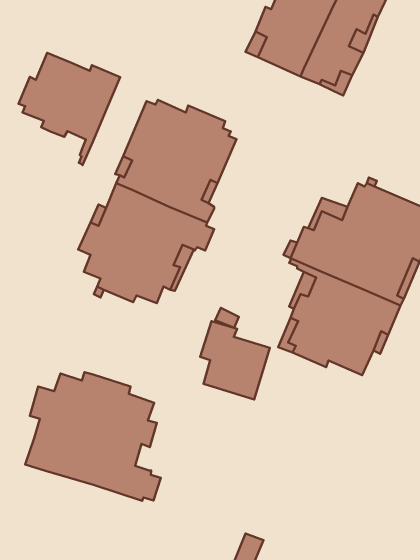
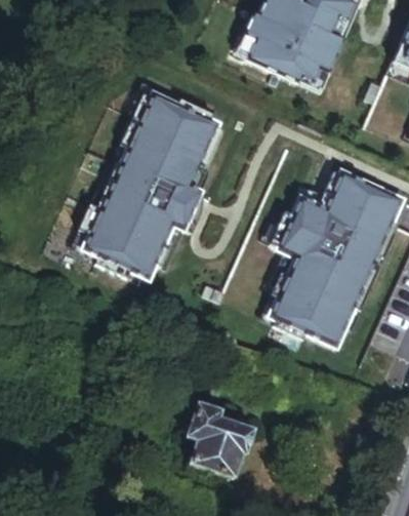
building: [18,53,120,165] -> none
building: [200,321,270,400] -> [186,398,249,470]
building: [25,372,161,501] -> none

